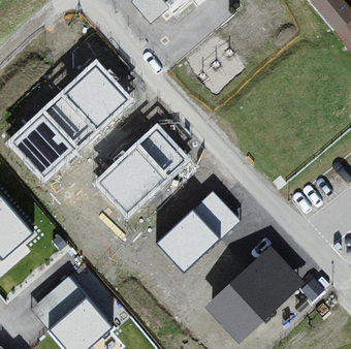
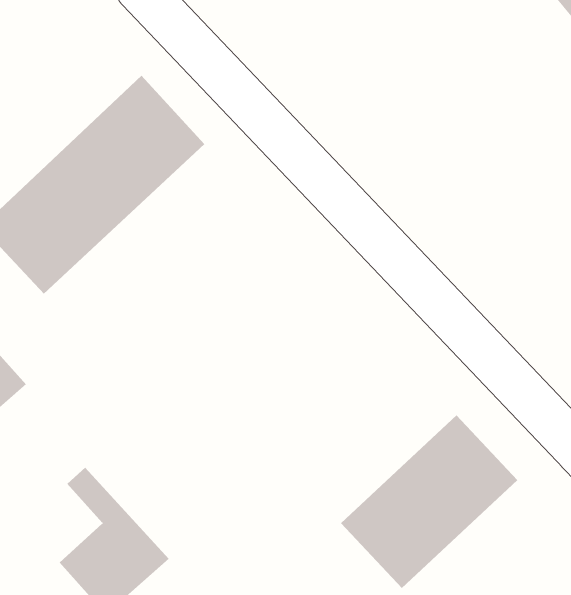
building: [90,123,188,220] -> none
building: [155,192,235,272] -> none

